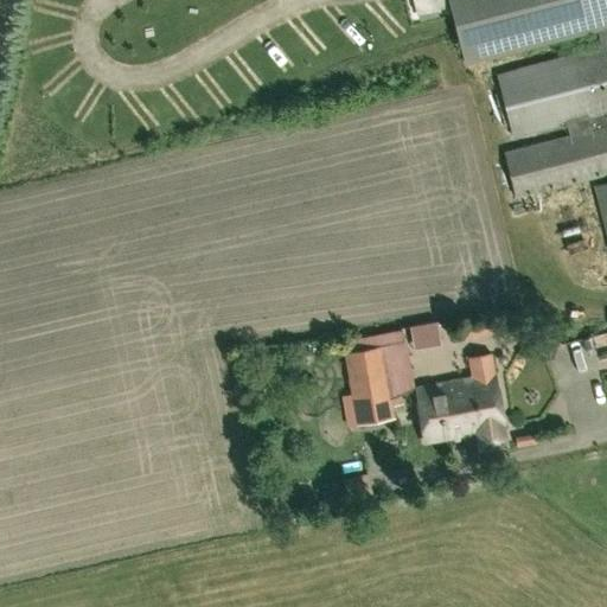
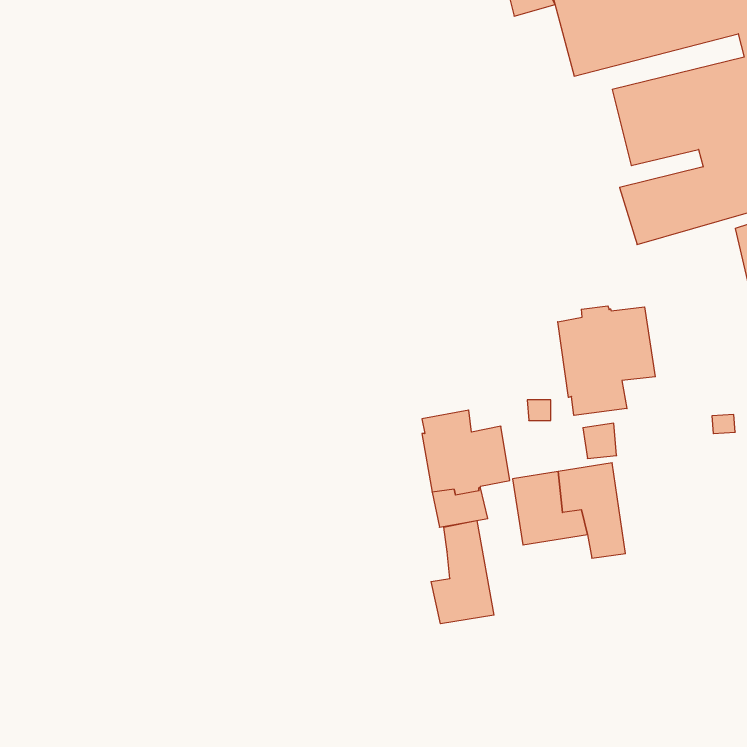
building: none -> [558,306,655,415]
building: none -> [431,521,494,624]

